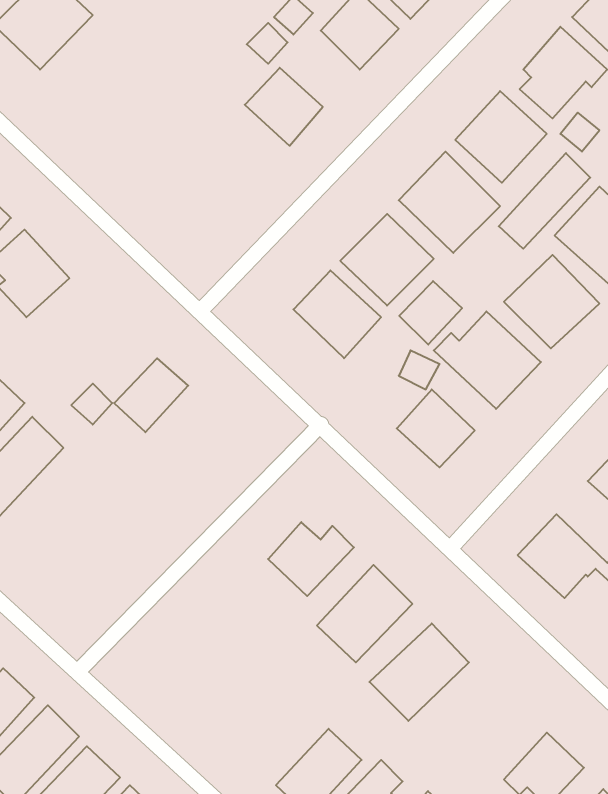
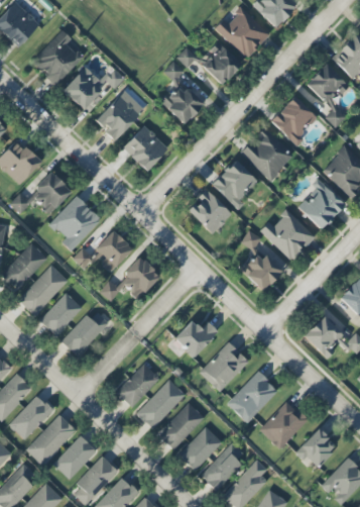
building: none -> [62,65,124,110]
building: none -> [94,90,144,140]
building: none -> [122,125,168,172]
building: [499,153,590,249] -> none
building: [399,281,462,345] -> none
building: none -> [49,196,101,251]
building: none -> [99,257,159,302]
building: none -> [39,292,83,336]
building: none -> [61,313,108,357]
building: none -> [116,363,159,407]
building: none -> [136,379,186,429]
building: none -> [259,401,308,448]
building: none -> [157,402,204,450]

